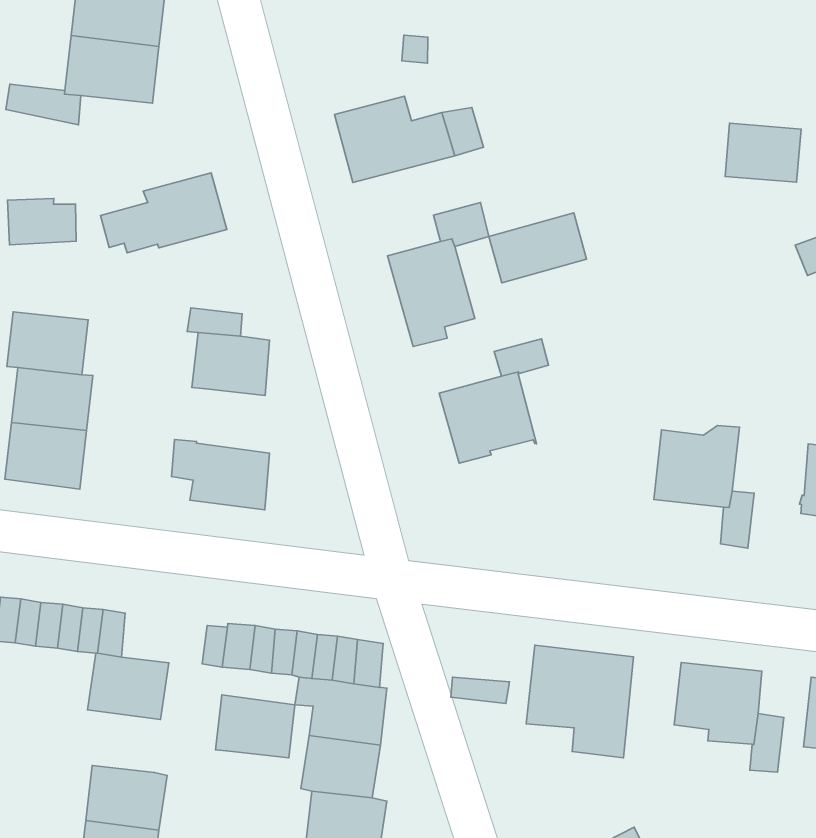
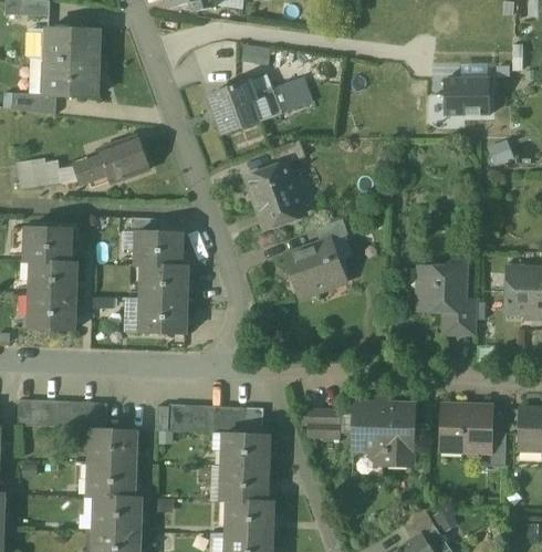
building: [489,213,587,283] -> none
building: none -> [142,264,187,300]
building: none -> [300,407,341,425]
building: [215,695,295,758] -> [88,462,134,497]

